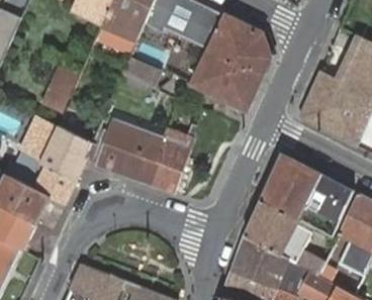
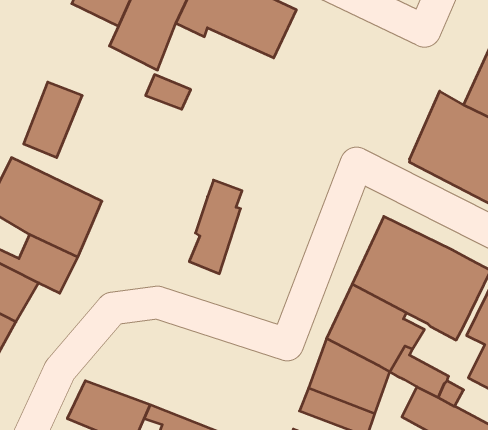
building: [192,15,269,110] -> none
building: [97,123,164,184] -> none

